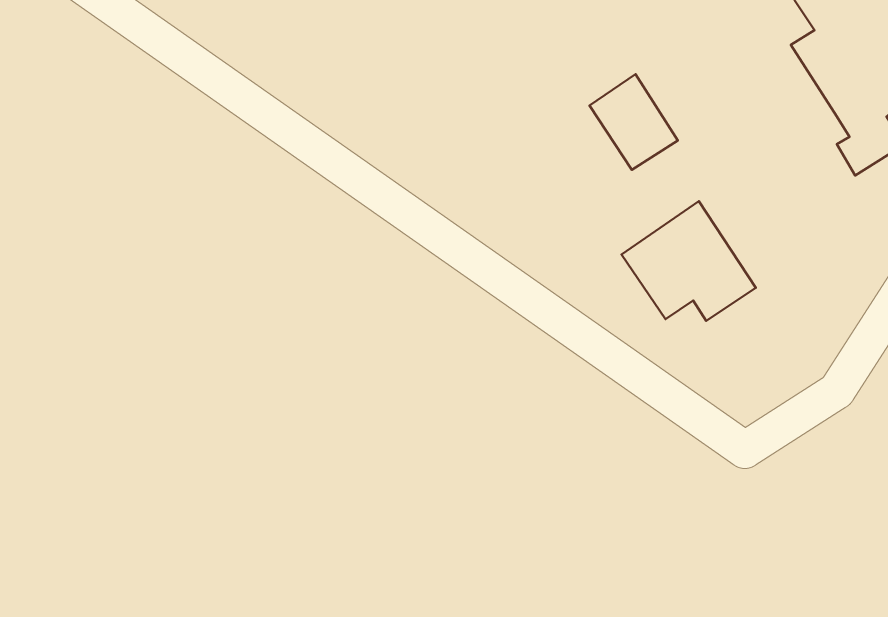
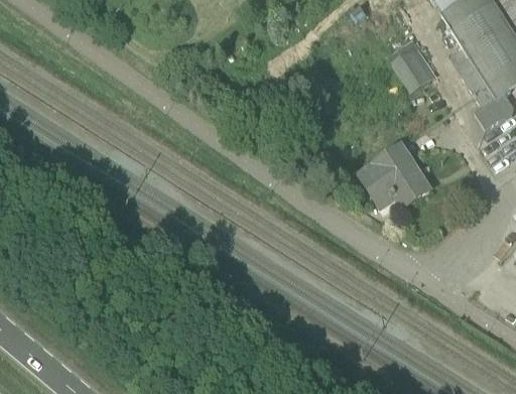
building: [590,74,678,170] -> [387,38,435,91]

